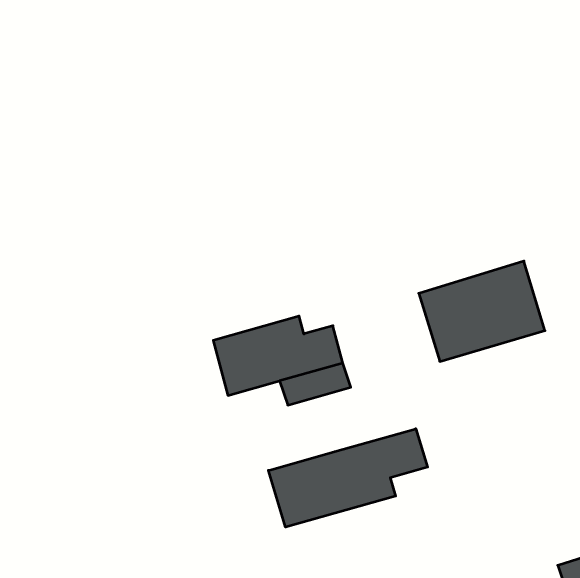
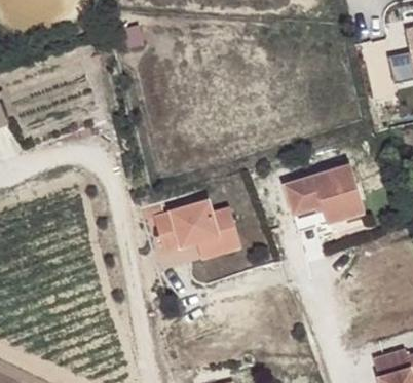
building: [268,429,428,527] -> none

